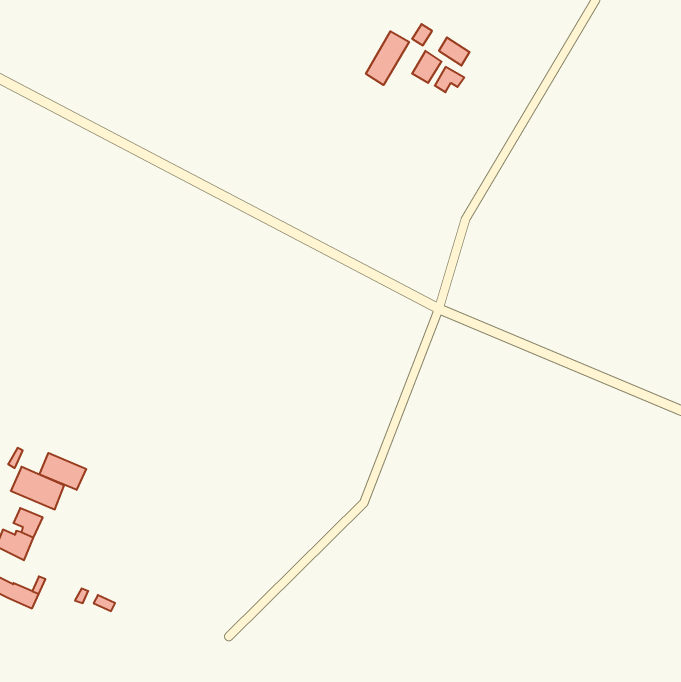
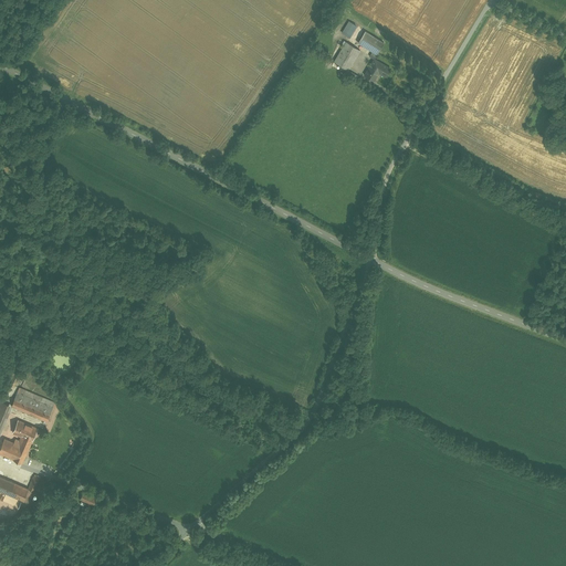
building: [366,31,409,85] -> none
building: [40,453,86,490] -> none

